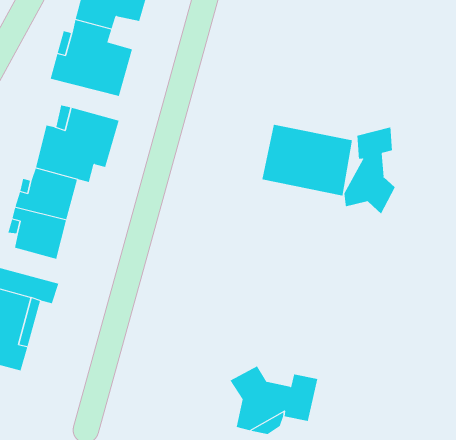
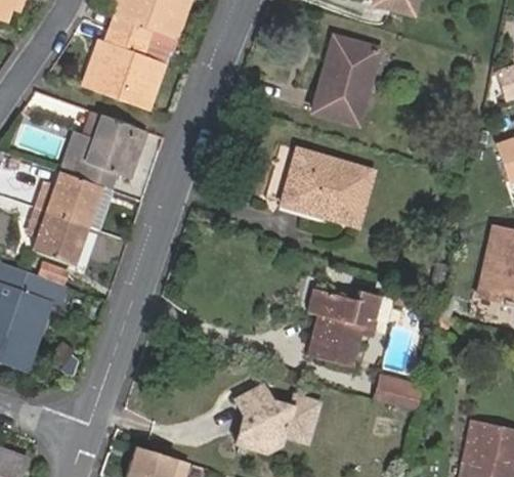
building: none -> [311,36,378,124]
building: [344,126,395,214] -> none
building: none -> [307,288,378,367]
building: none -> [379,379,423,413]

